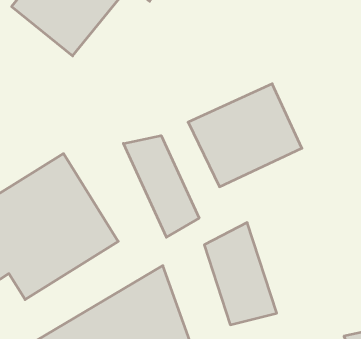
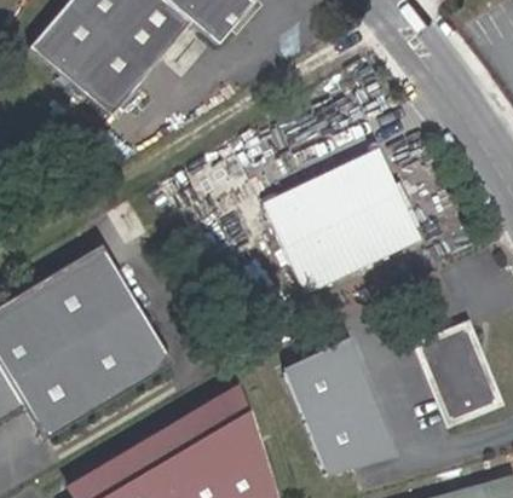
building: [123,136,199,237] -> none
building: none -> [423,329,496,421]

